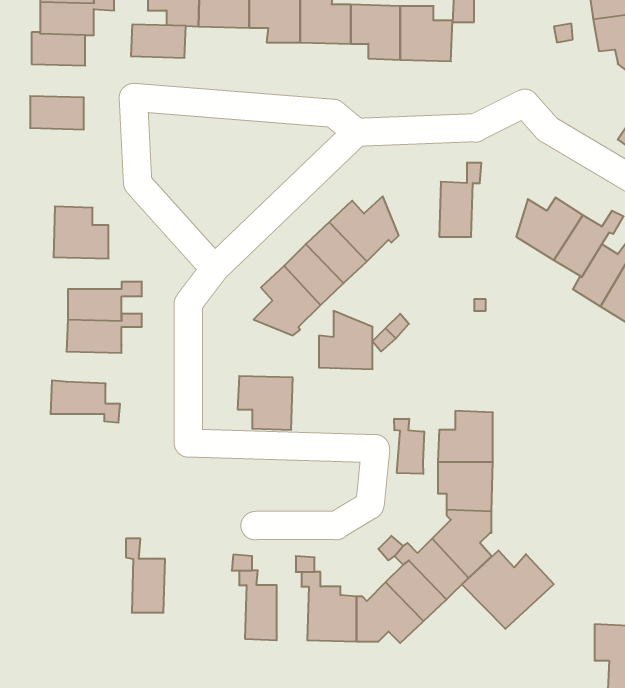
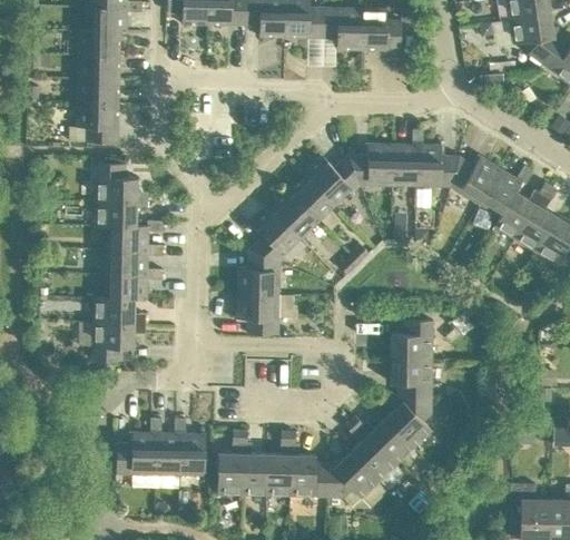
building: [131,24,186,58] -> [78,53,120,79]
building: none -> [77,102,119,143]
building: none -> [348,144,393,186]
building: none -> [416,145,460,186]
building: none -> [96,197,149,226]
building: [319,311,373,369] -> [238,249,279,294]
building: none -> [106,268,163,300]
building: none -> [92,322,135,361]
building: [394,419,424,474] -> none
building: none -> [175,418,206,475]
building: [462,550,554,629] -> none
building: none -> [117,432,157,474]
building: none -> [218,452,244,494]
building: none -> [267,453,292,495]

